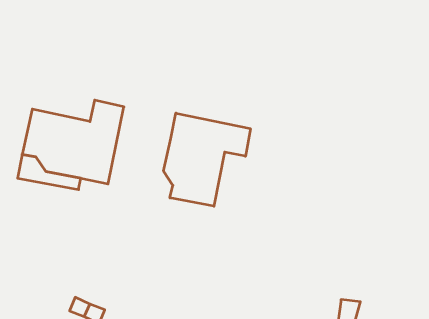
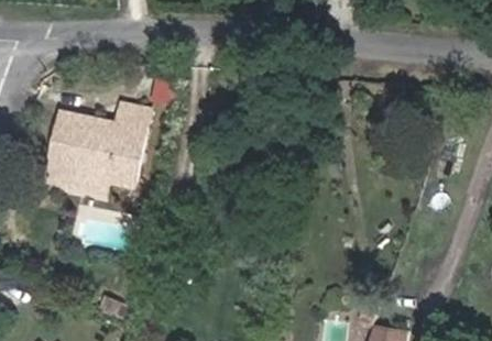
building: [164,113,250,206] -> none

